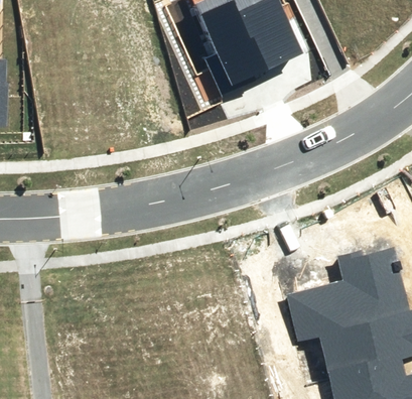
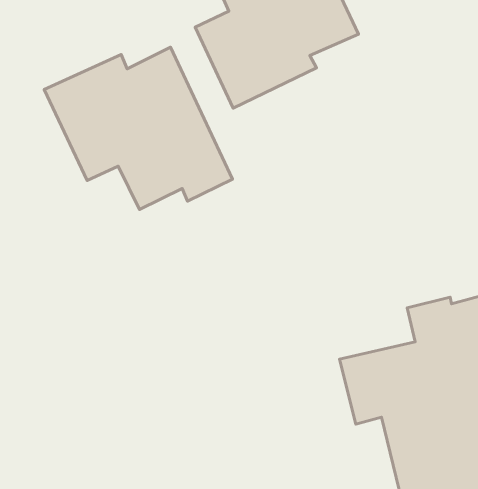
building: none -> [44,47,233,209]

